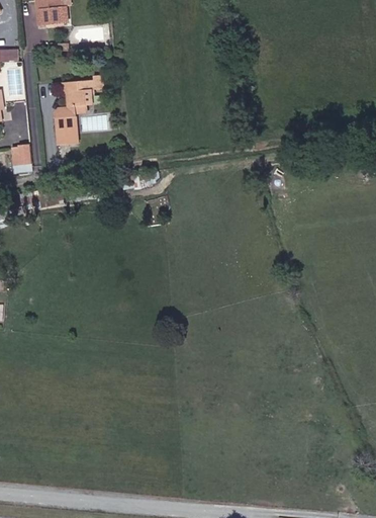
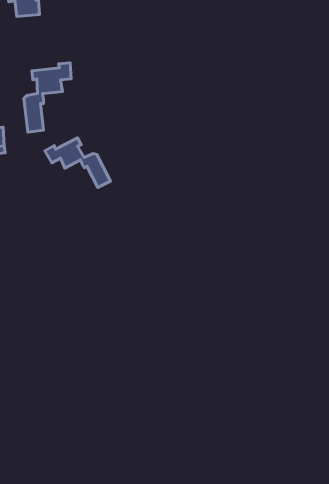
building: none -> [45,138,110,187]

